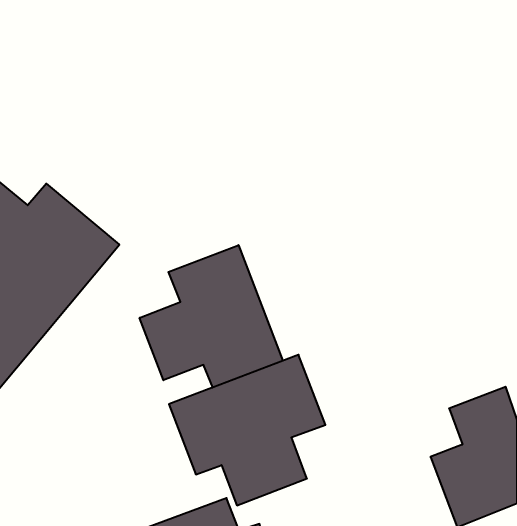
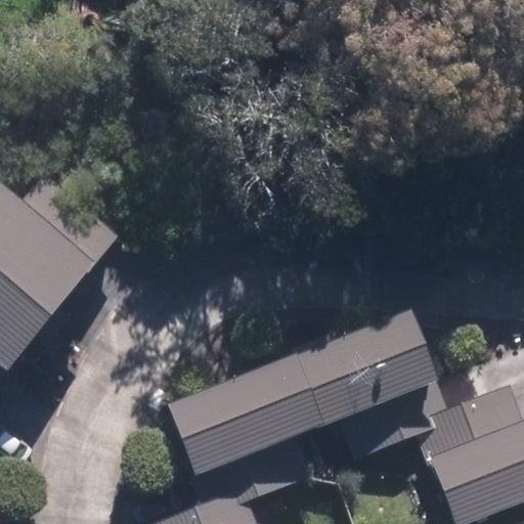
building: [140,245,283,388] -> none
building: none -> [297,308,439,461]

